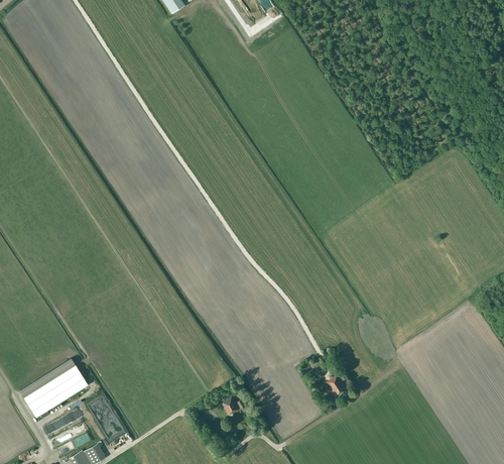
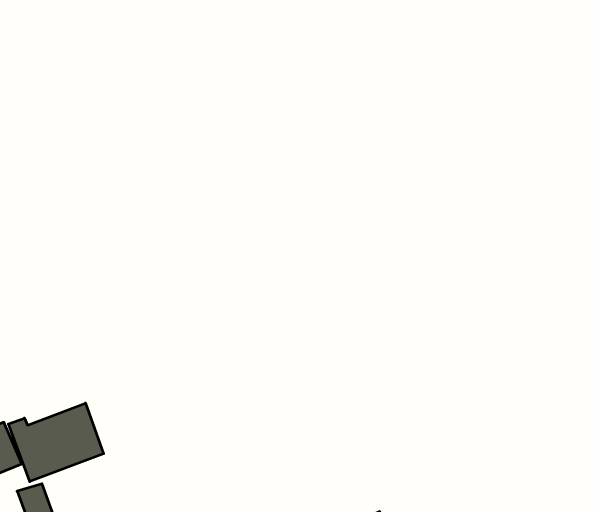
building: none -> [8,403,104,482]

